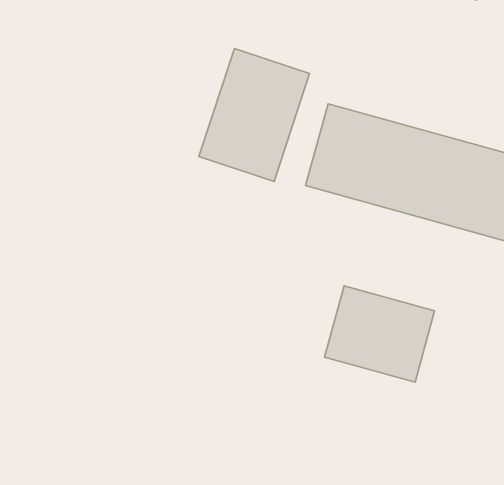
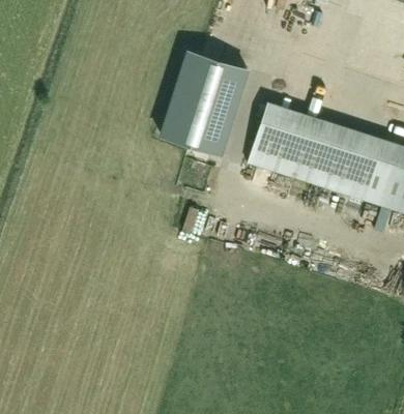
building: [325,286,435,382] -> none

